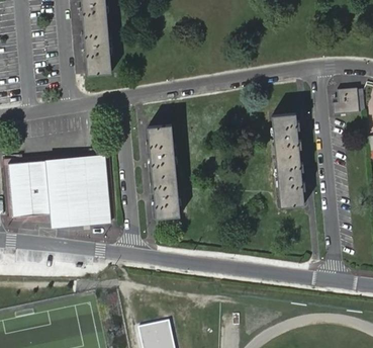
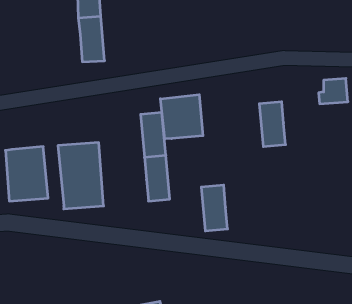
building: none -> [160,95,203,139]
building: [276,159,303,206] -> [201,185,228,231]
building: [48,160,69,224] -> none

